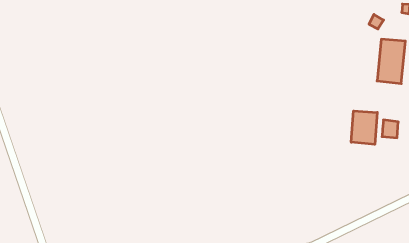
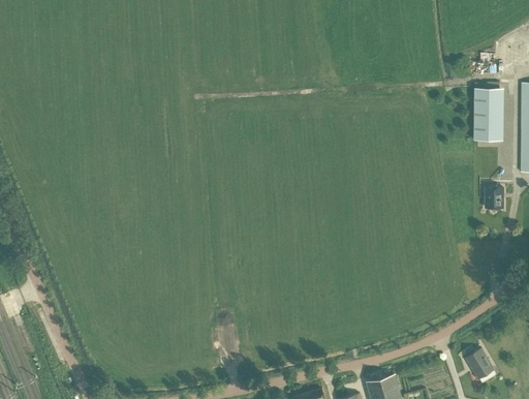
building: [351,111,377,144] -> none

